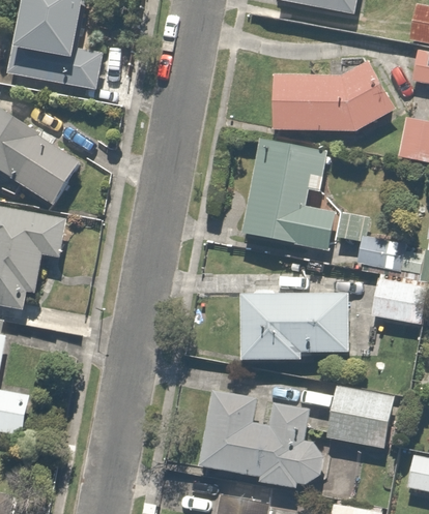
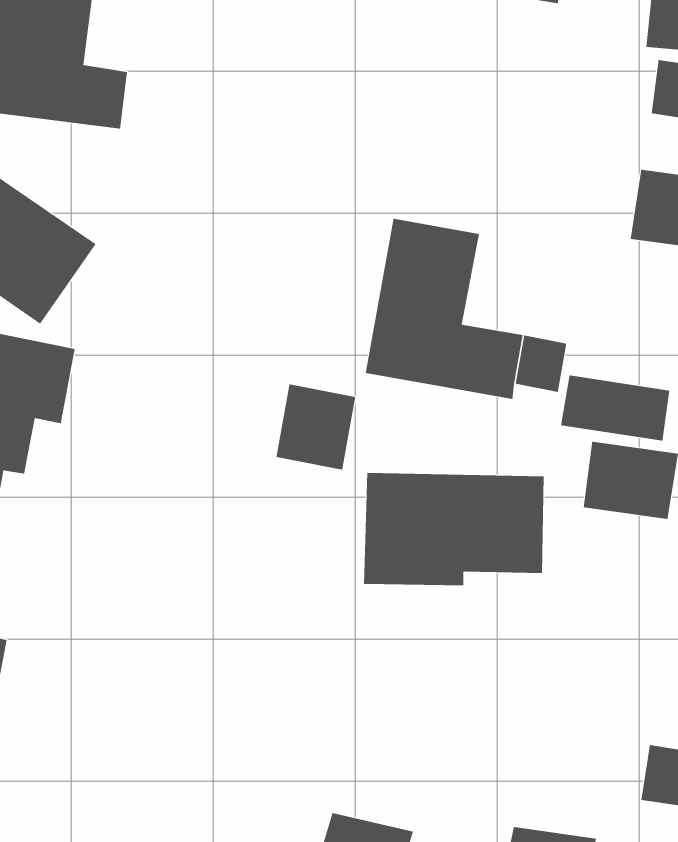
building: [273,61,400,130] -> none
building: none -> [276,383,356,471]
building: [326,385,394,448] -> none
building: [197,391,320,489] -> none

